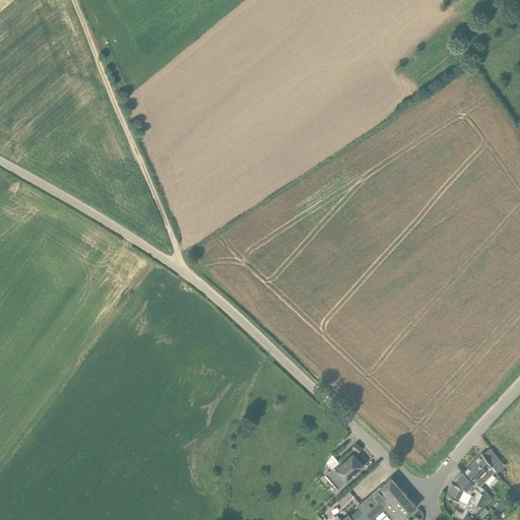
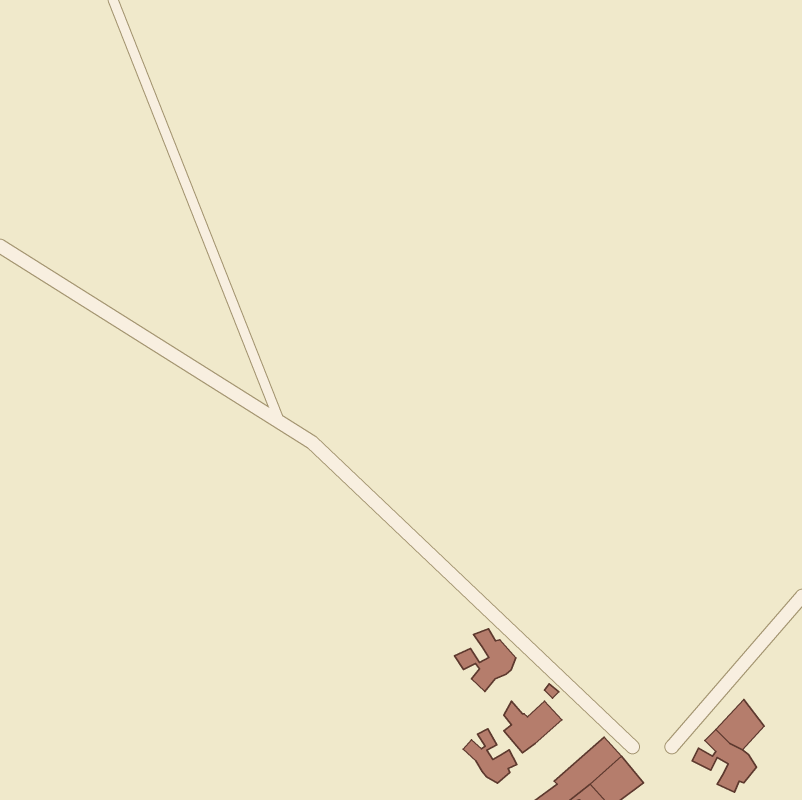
building: none -> [454,629,516,692]
building: none -> [463,729,517,783]

